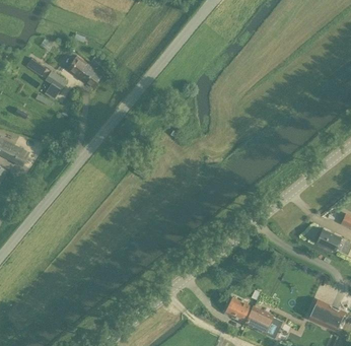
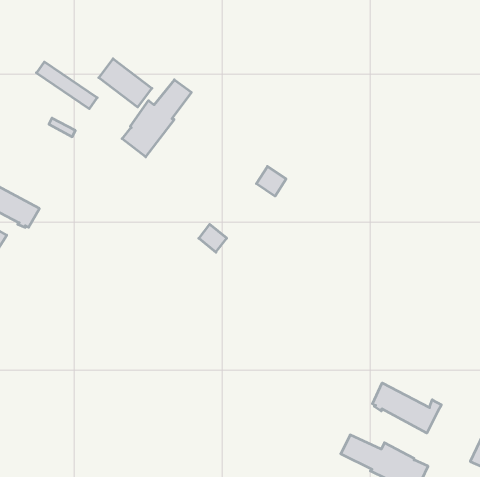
building: none -> [122,80,191,157]
building: none -> [372,383,441,433]

